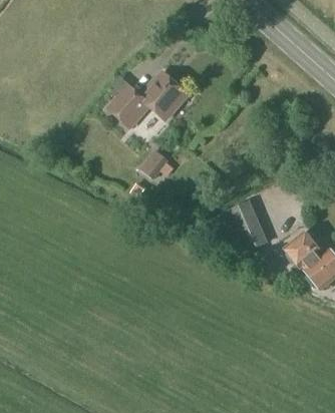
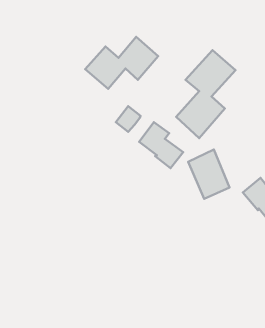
building: none -> [176,50,235,138]
building: none -> [139,122,183,168]

